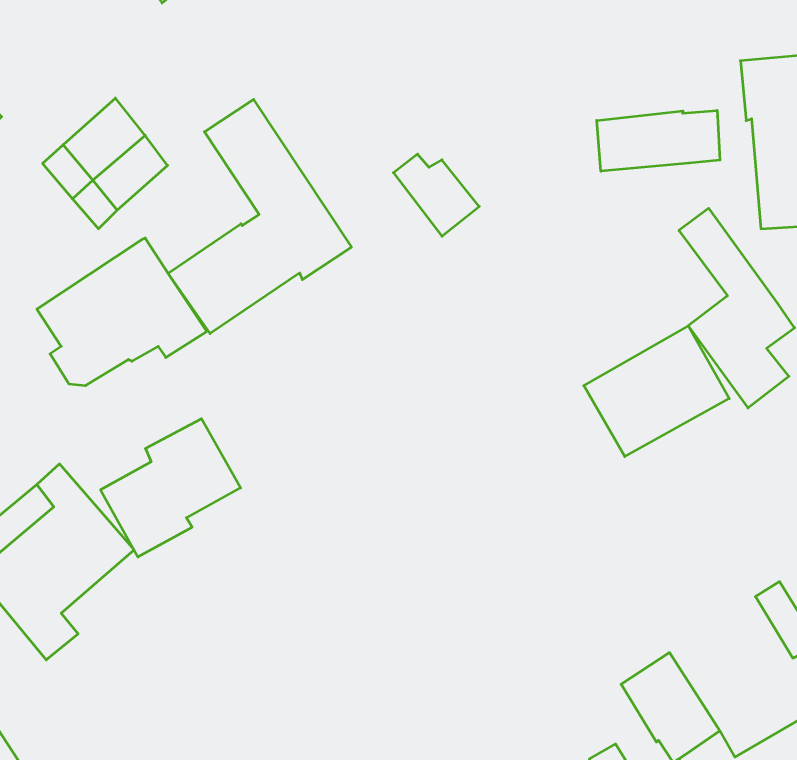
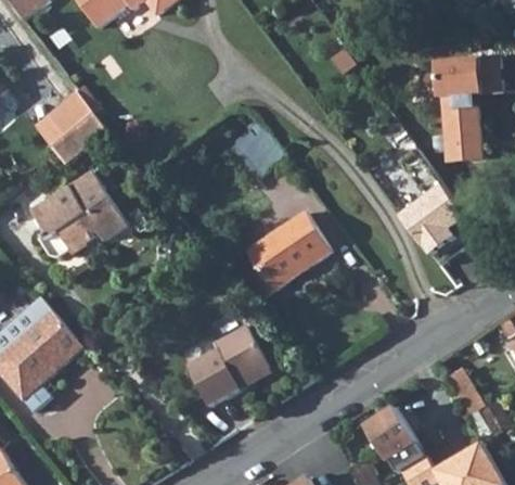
building: [168,99,351,334] -> none
building: [597,110,720,171] -> none
building: [584,326,729,457] -> [246,207,331,283]
building: [101,419,241,557] -> [183,323,265,404]

